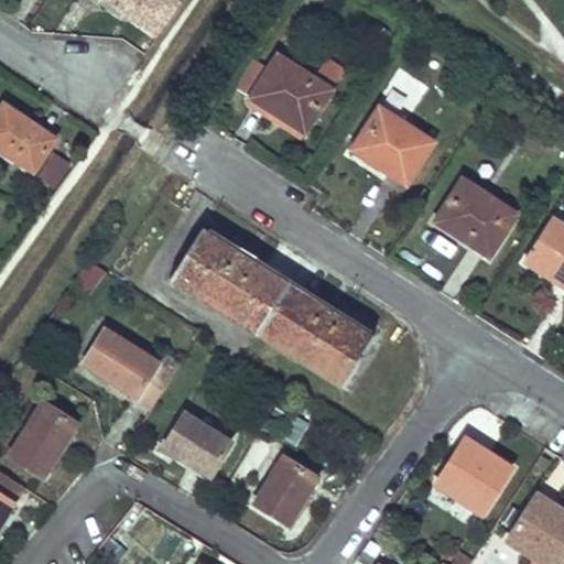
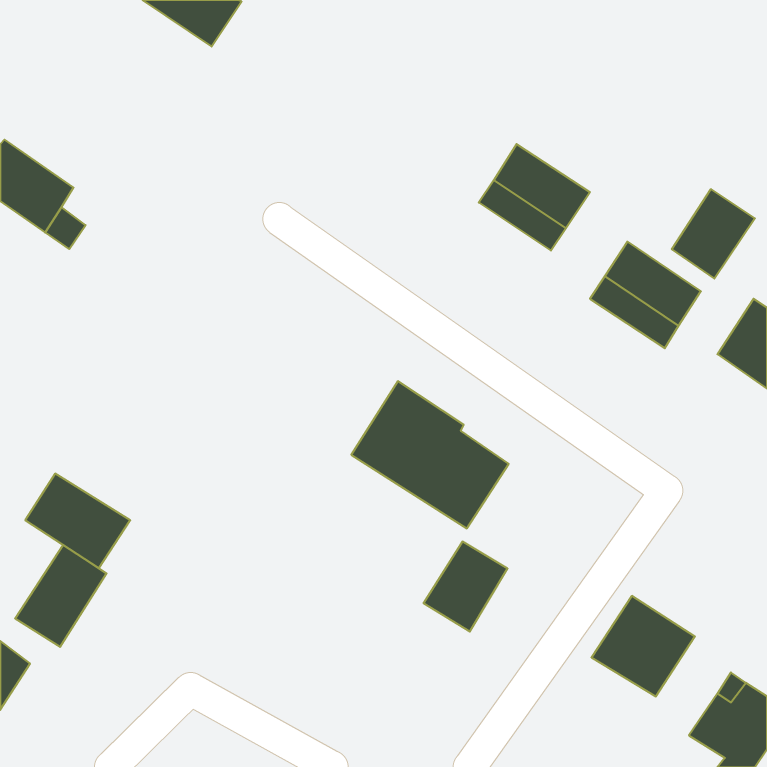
building: [249,54,329,131] -> none
building: none -> [672,189,755,279]
building: [170,230,292,334] -> none
building: [82,328,159,398] -> [25,474,130,568]
building: [164,412,229,475] -> none
building: [254,456,316,522] -> [423,542,508,632]

